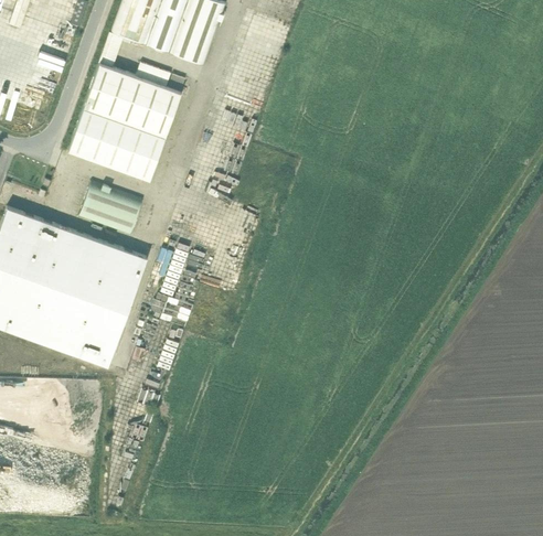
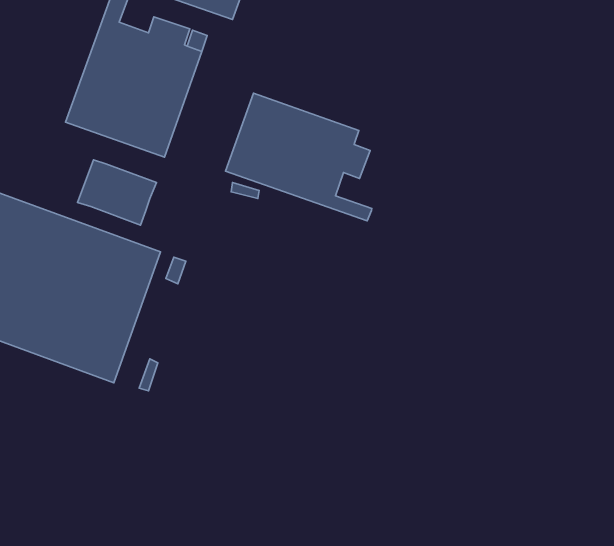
building: none -> [226,93,372,221]

